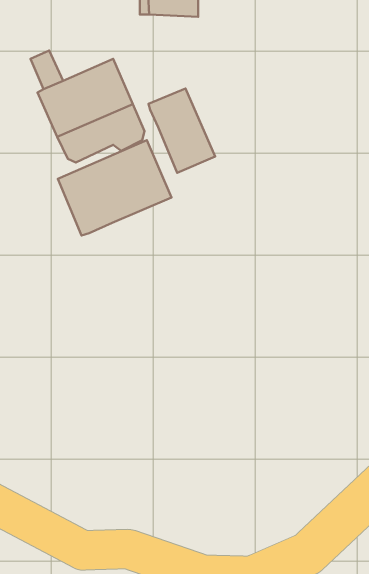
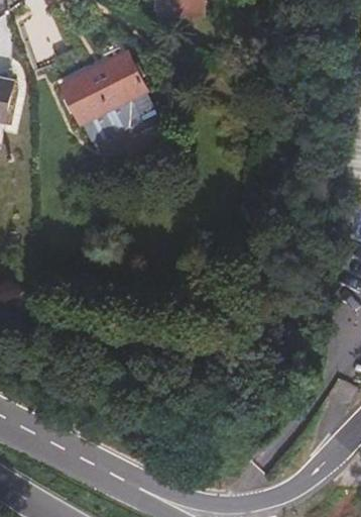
building: [148,88,215,173] -> none
building: [58,140,172,235] -> none

